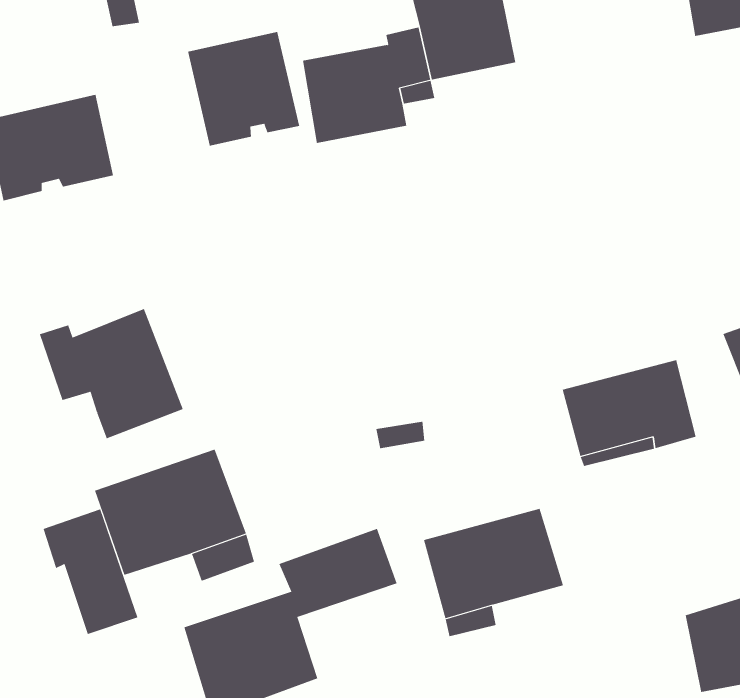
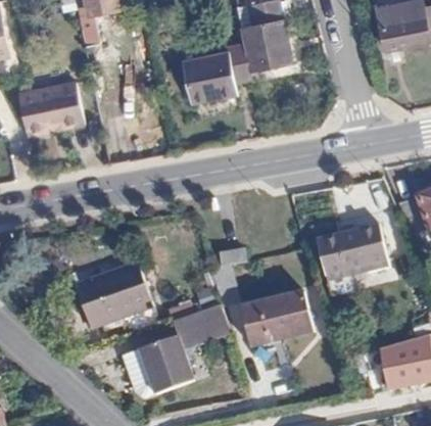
building: [188,31,300,147] -> none
building: [39,308,183,439] -> none
building: [43,509,138,635] -> none

